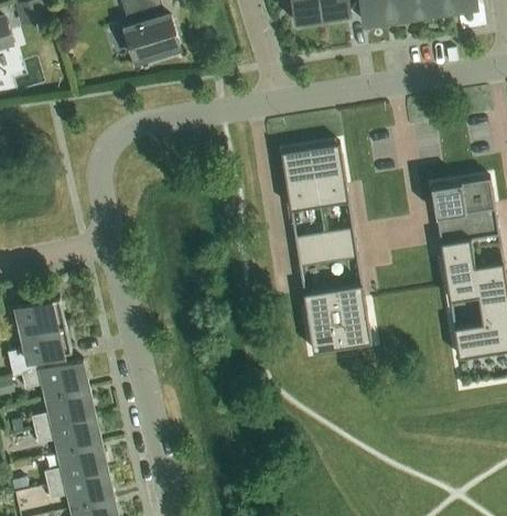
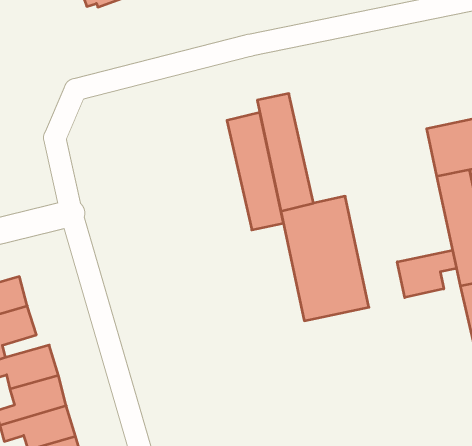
building: [309,140,354,245] -> [227,112,283,230]
building: none -> [397,250,456,298]

